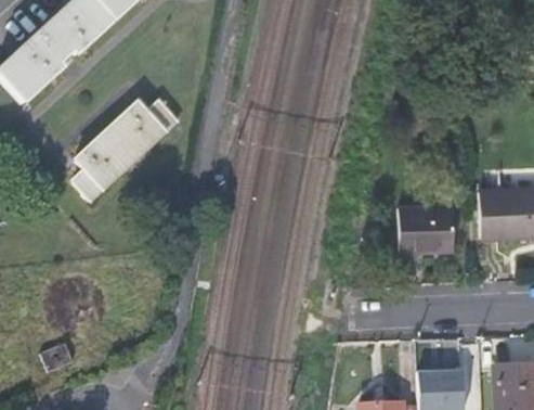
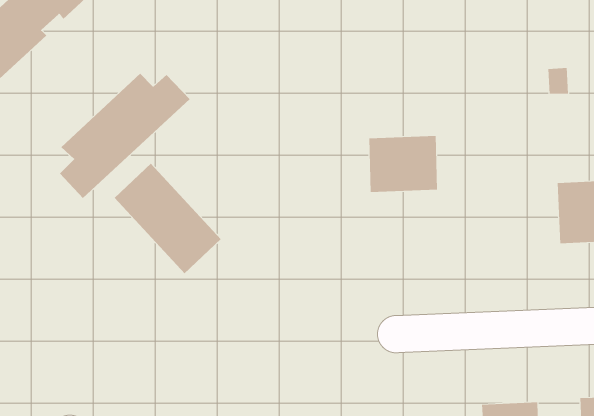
building: none -> [114,163,222,274]
building: [398,204,454,251] -> [369,136,438,193]

